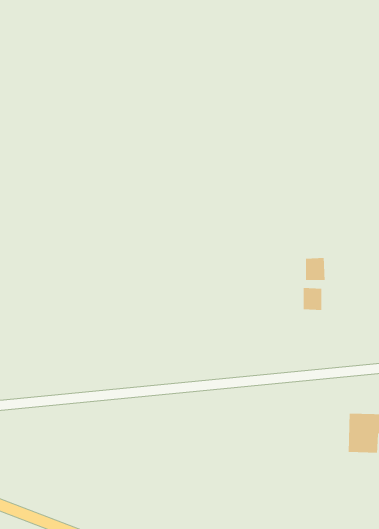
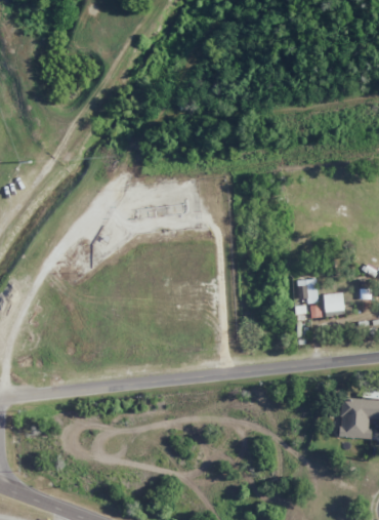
building: [305,257,325,281] -> [324,293,343,316]

